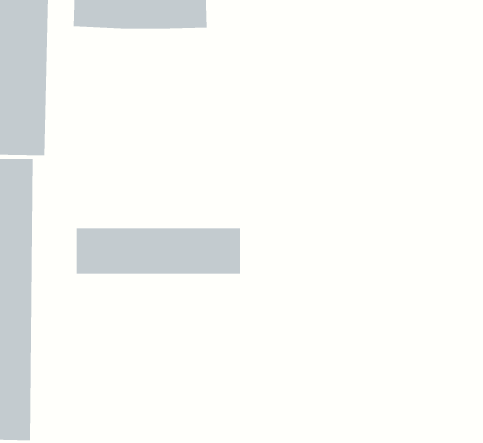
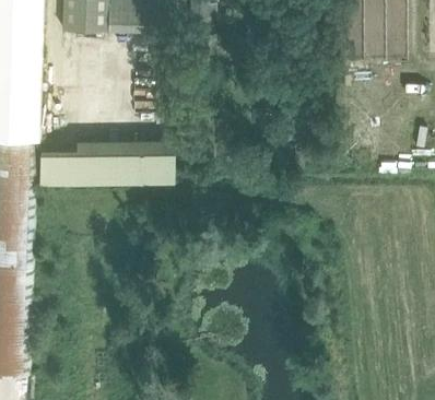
building: [76,228,241,274] -> [35,145,172,184]

